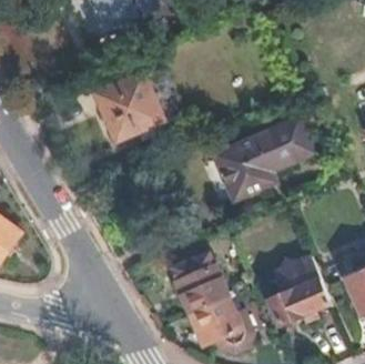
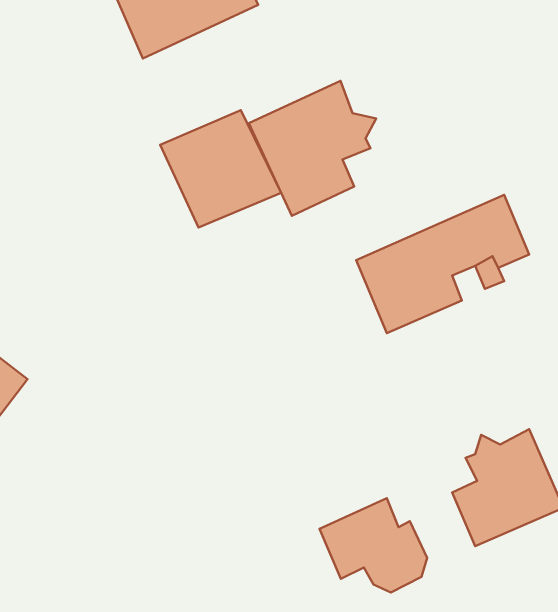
building: none -> [249,81,376,216]
building: [176,265,229,314] -> none

